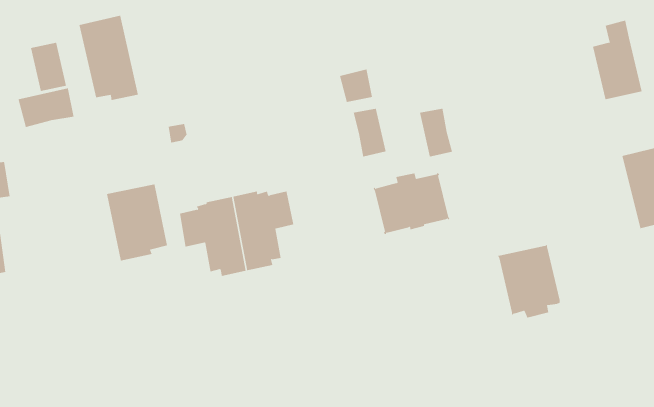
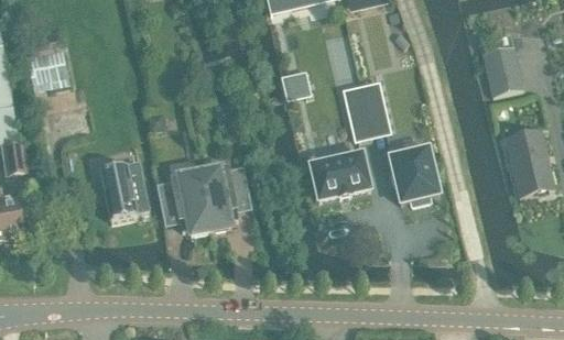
building: [79,15,139,101] -> none
building: [18,88,74,128] -> none
building: [353,108,386,157] -> [360,83,387,121]
building: [497,244,560,318] -> [389,147,438,206]

